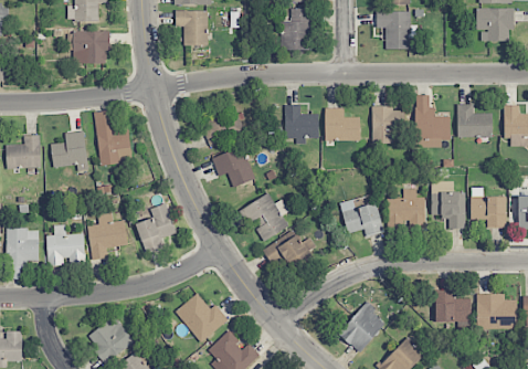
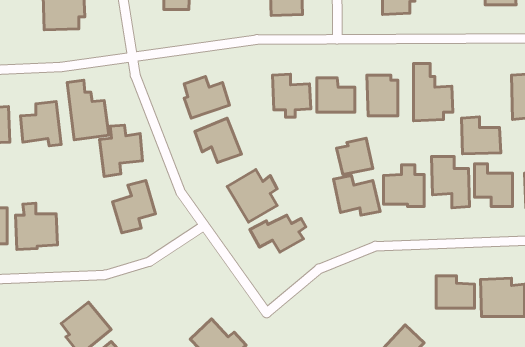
building: [456,104,493,138] -> [461,117,501,154]
building: none -> [337,138,373,175]
building: [87,212,127,260] -> [99,125,142,176]
building: [175,293,228,342] -> none
building: [338,304,387,352] -> none

